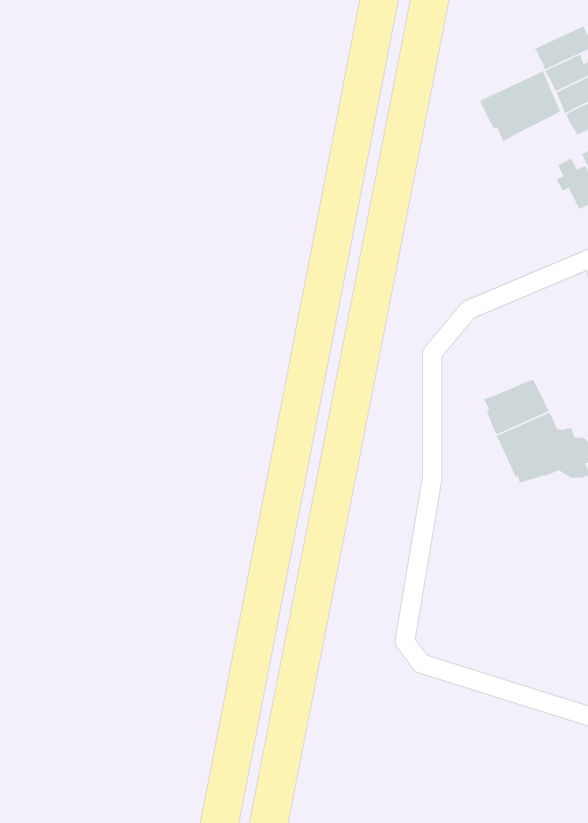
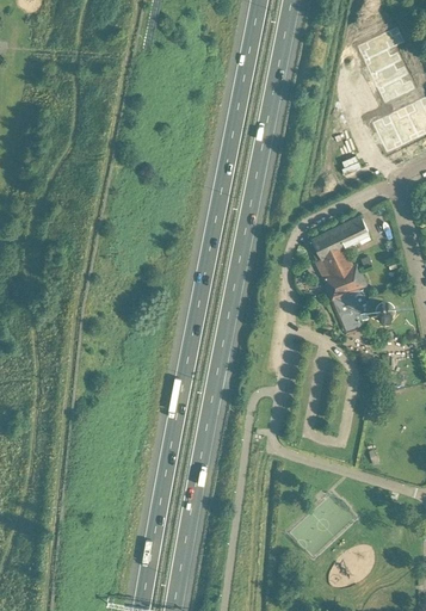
building: [479,70,561,143] -> none
building: none -> [313,216,369,278]

